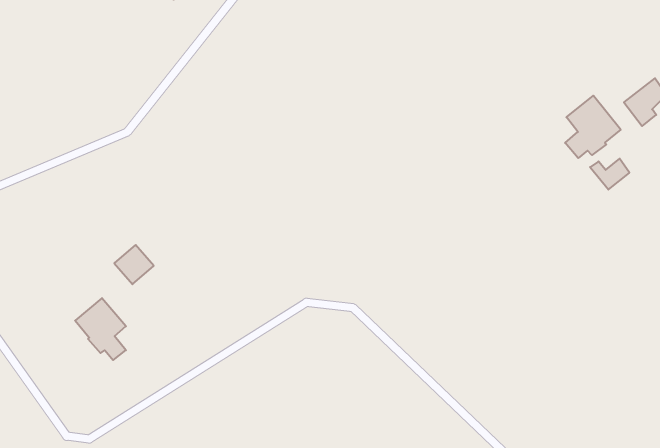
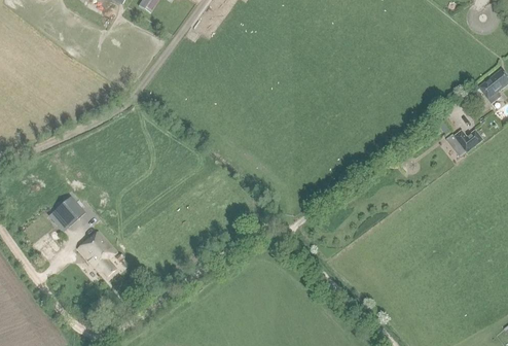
building: [565,96,621,158] -> none
building: [114,245,154,284] -> [56,198,84,227]

